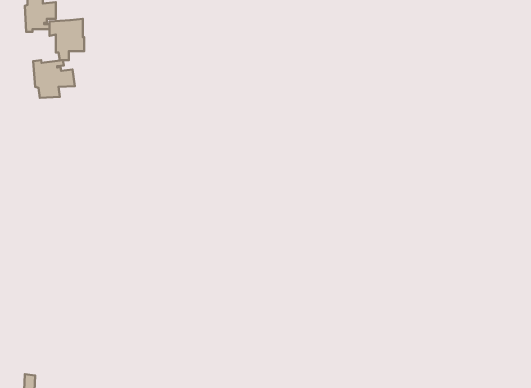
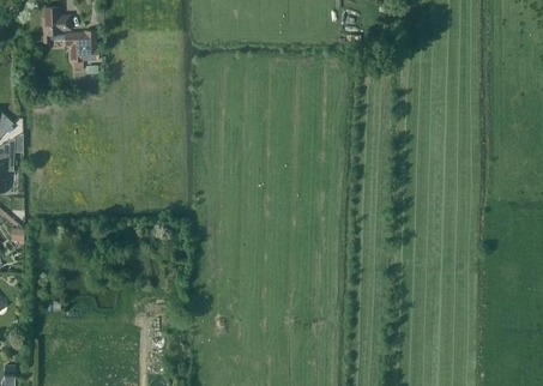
building: [33,60,75,98] -> none

